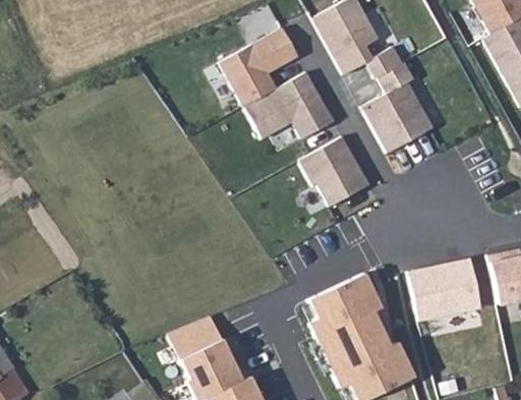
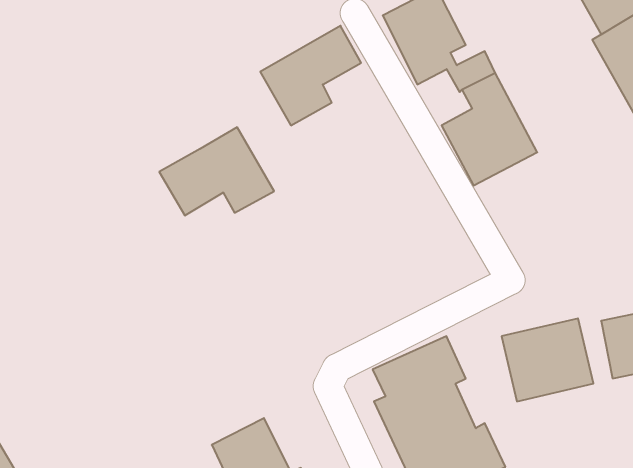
building: [242,70,334,140] -> [159,127,274,215]
building: [298,135,370,207] -> none
building: [168,318,221,360] -> none

